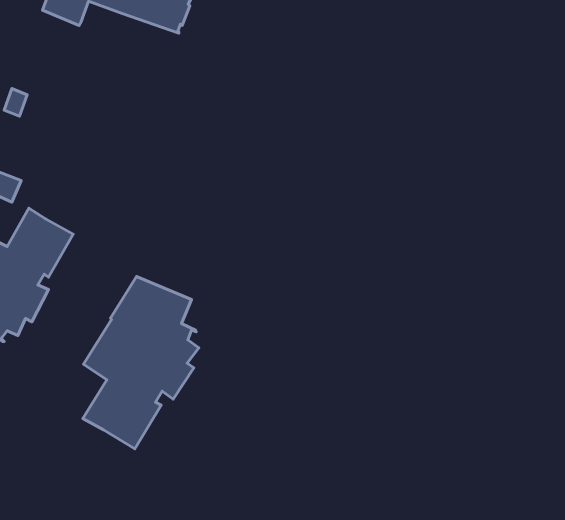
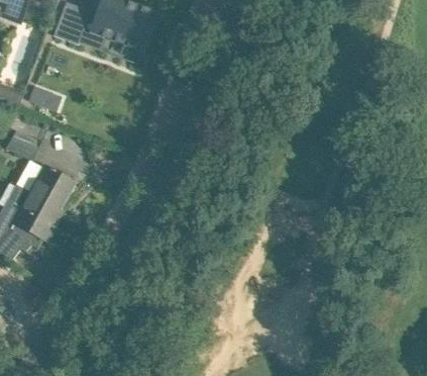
building: [83,276,199,449] -> none

